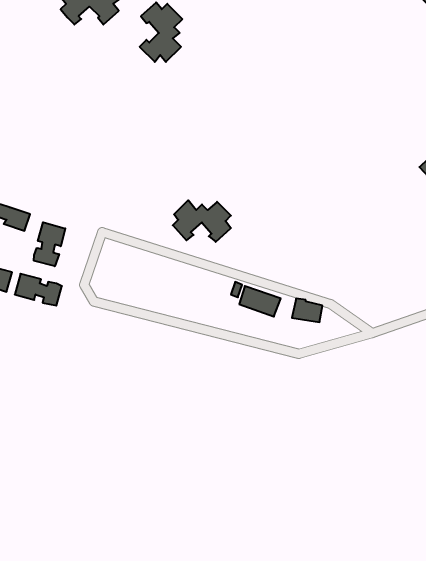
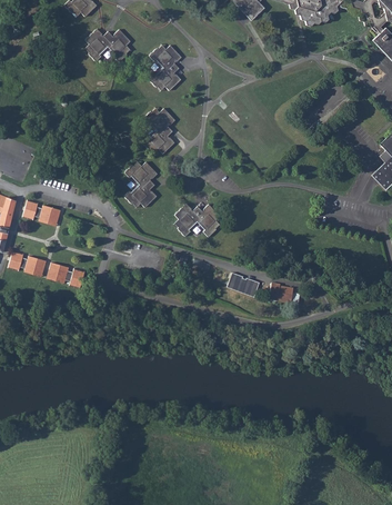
building: none -> [142,107,175,154]
building: none -> [124,160,158,207]
building: [34,222,65,266] -> none

